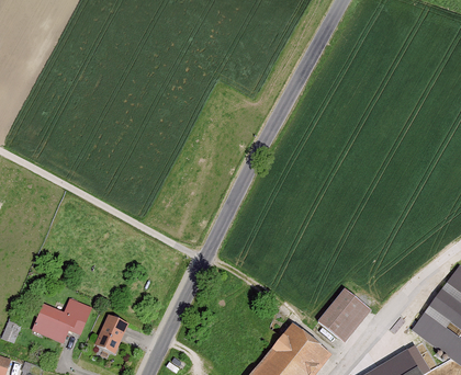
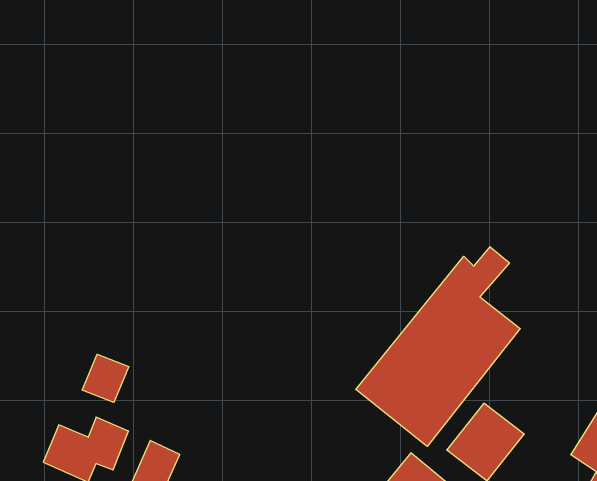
building: none -> [356,247,520,446]
building: none -> [82,354,129,402]

